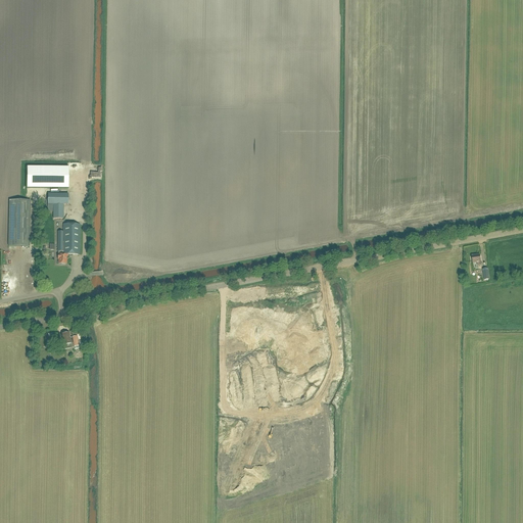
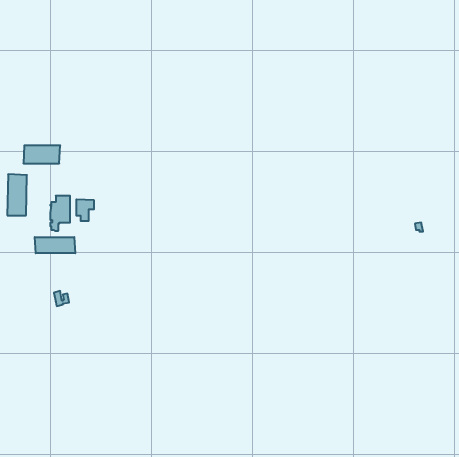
building: [48,192,68,217] -> [76,199,94,221]
building: none -> [35,237,75,253]

